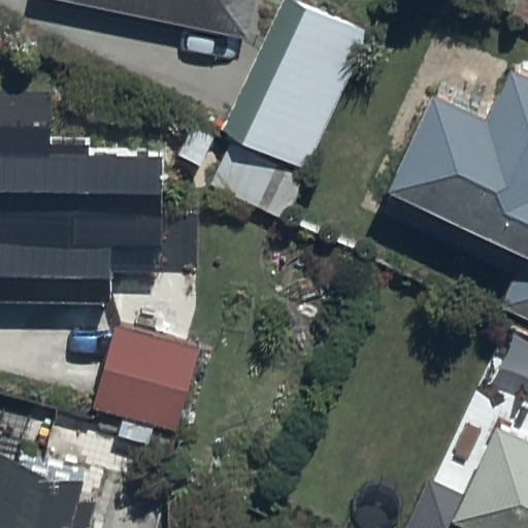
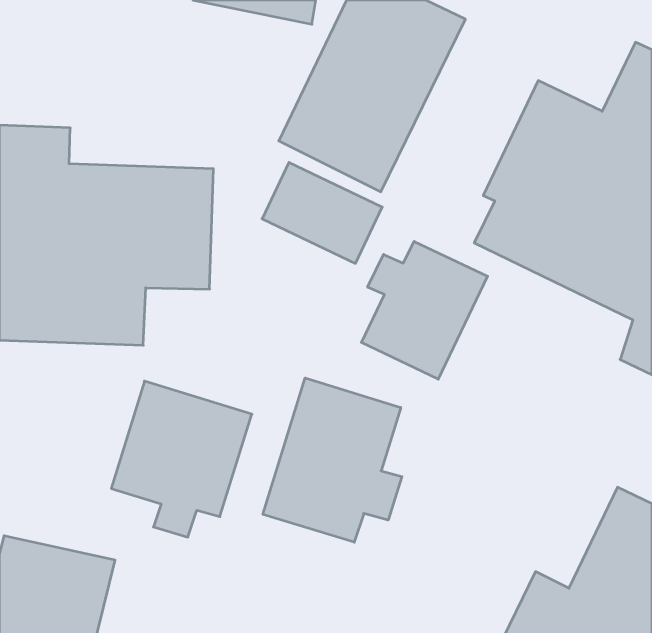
building: none -> [361,241,488,379]
building: none -> [263,378,402,542]

